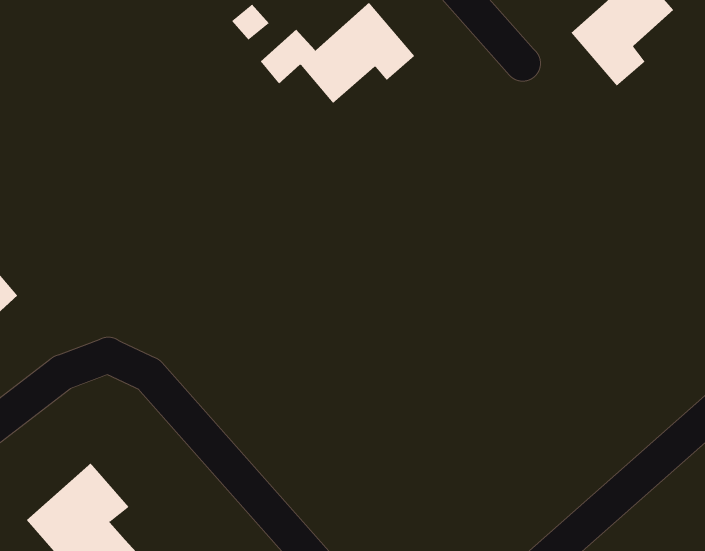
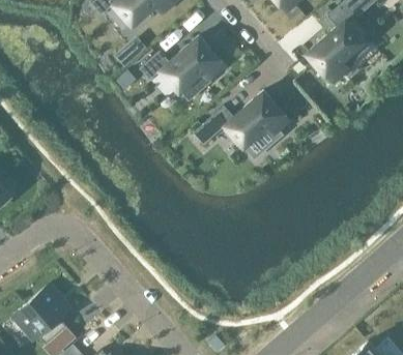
building: none -> [194,91,290,146]

